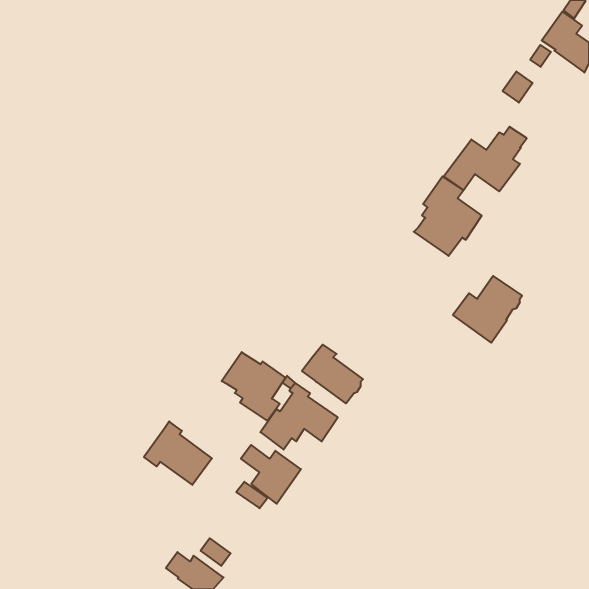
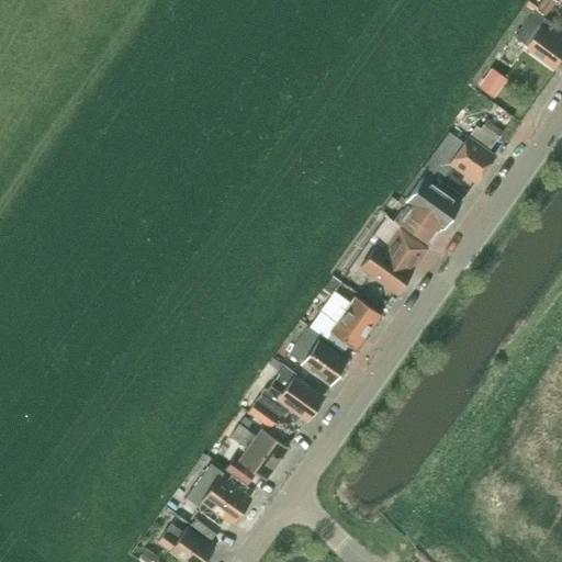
building: [453,276,522,343] -> [360,229,426,293]
building: none -> [311,297,380,352]
building: [222,352,286,421] -> none
building: [144,421,212,485] -> [186,463,250,524]

